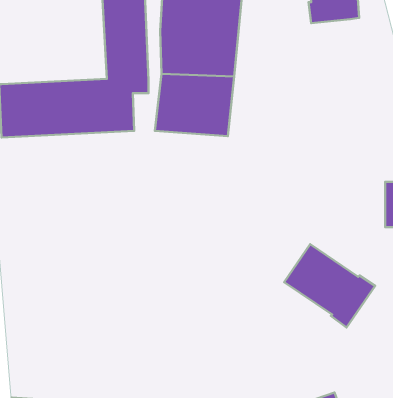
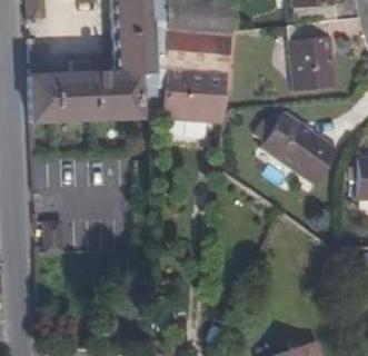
building: none -> [286,21,332,90]
building: [284,244,375,328] -> [260,113,338,185]

